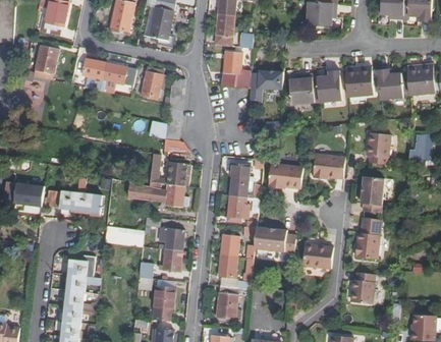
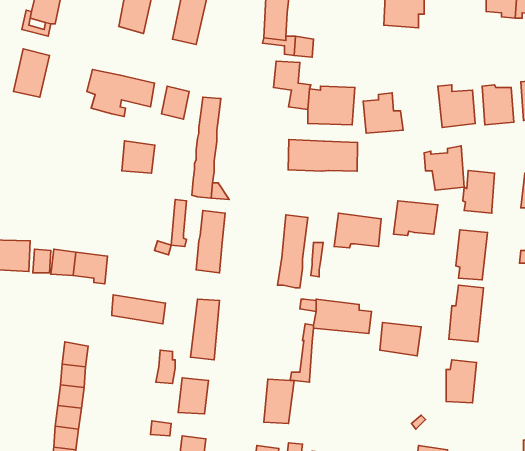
building: [312,70,341,103] -> [424,146,464,190]
building: none -> [288,139,358,171]
building: none -> [122,141,155,173]
building: [218,235,239,279] -> none

